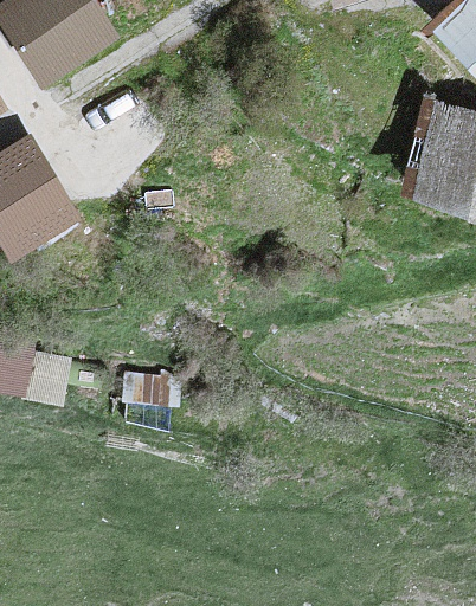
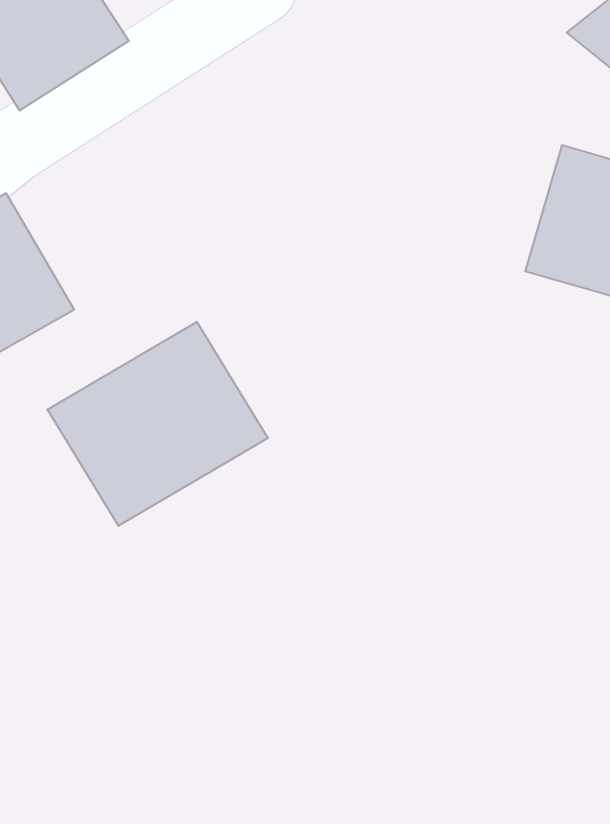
building: none -> [47,322,268,526]

